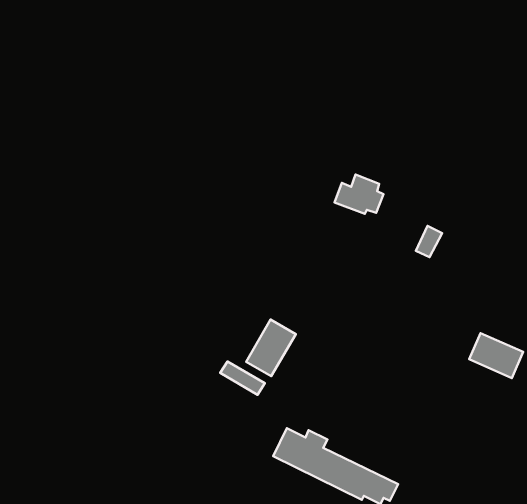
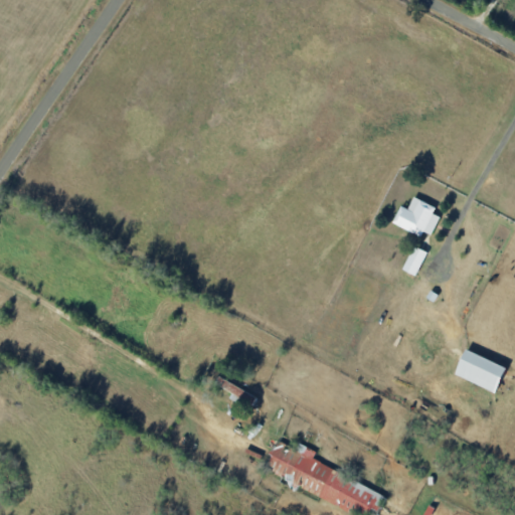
building: [335,174,383,214] -> [392,197,440,235]
building: [246,320,296,376] -> none

